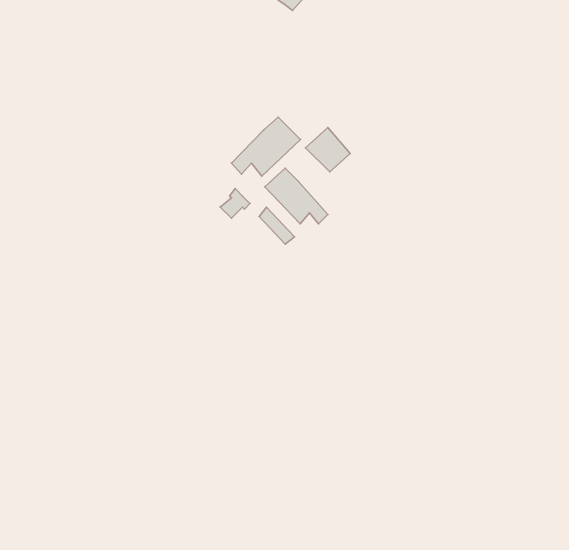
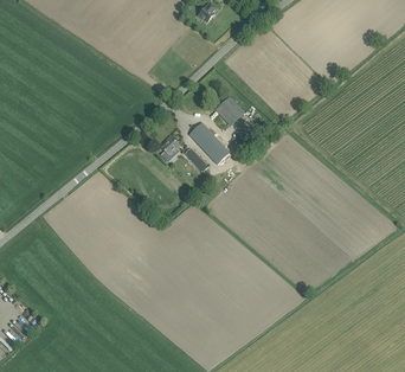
building: [231,117,300,176] -> none

